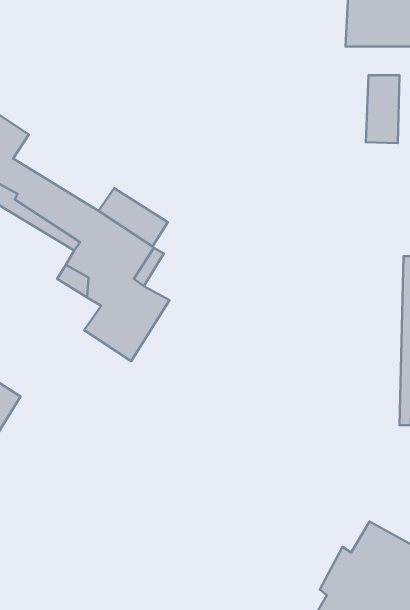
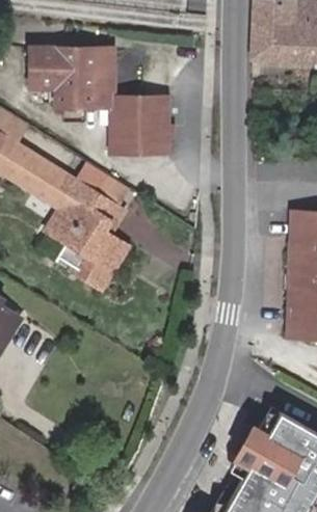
building: none -> [26,54,164,159]
building: [366,75,399,143] -> none

